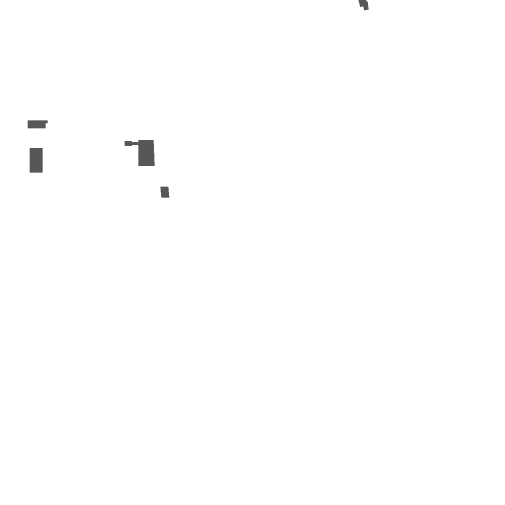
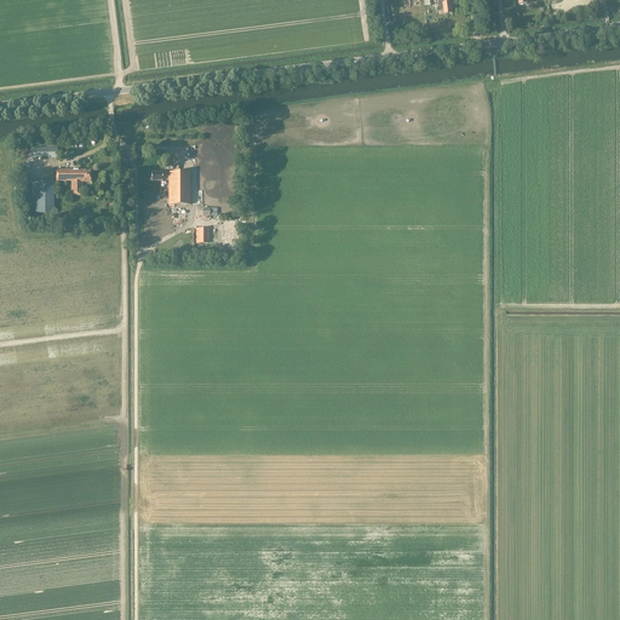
building: none -> [57,168,91,195]

